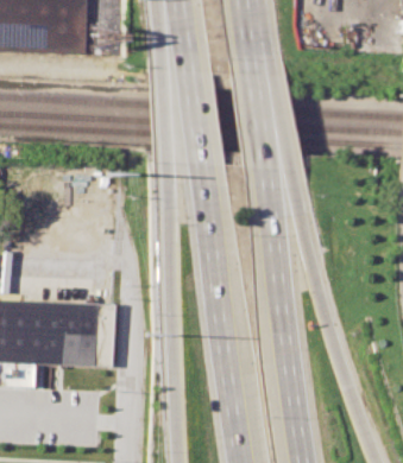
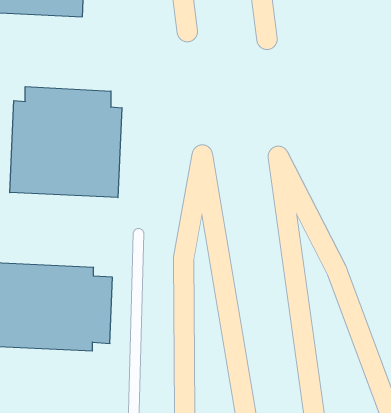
building: none -> [10,87,122,198]

